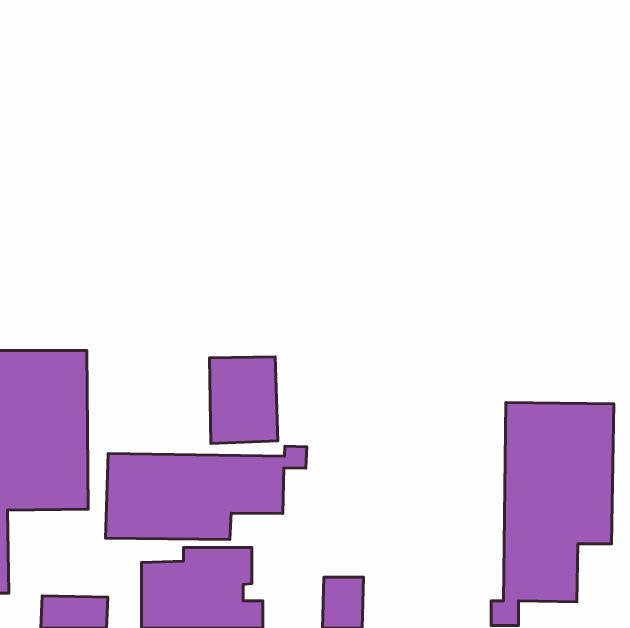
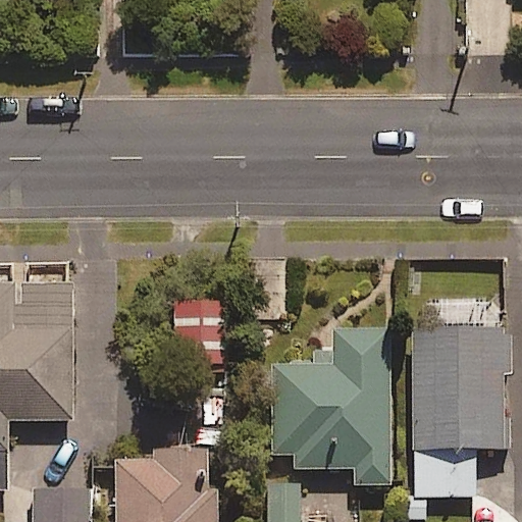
building: none -> [270,330,392,485]
building: [106,446,307,539] -> none

